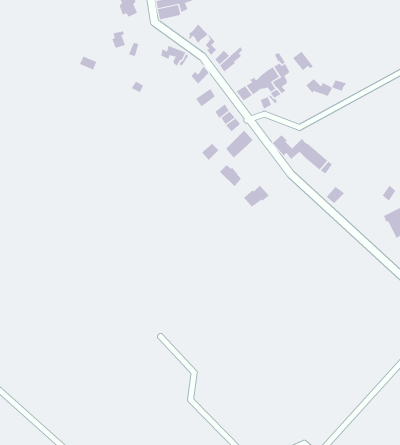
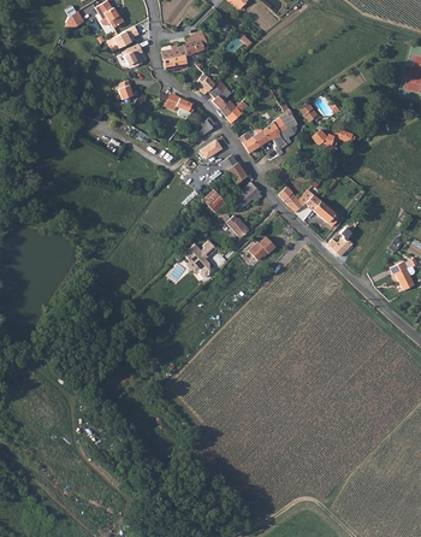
building: none -> [183,240,217,277]

